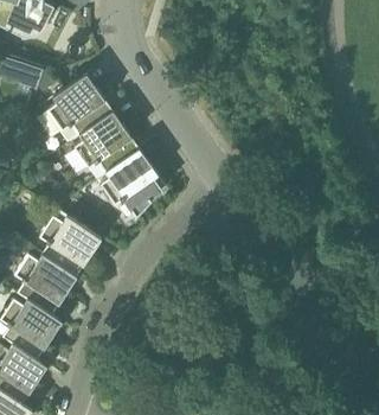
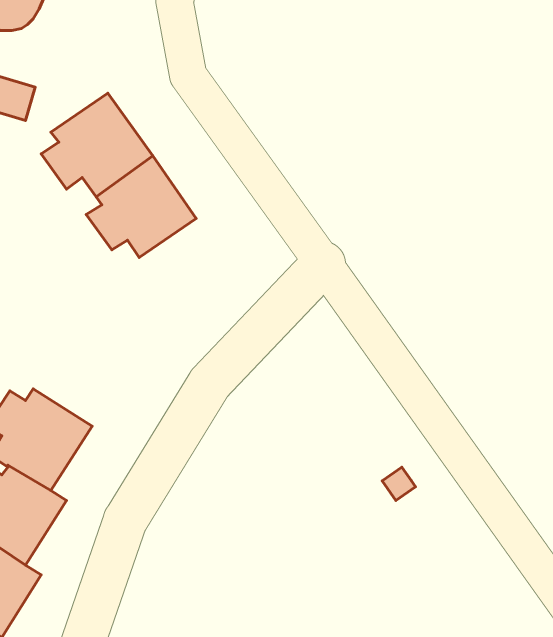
building: [99,151,166,217] -> none
building: [38,217,101,276] -> none

